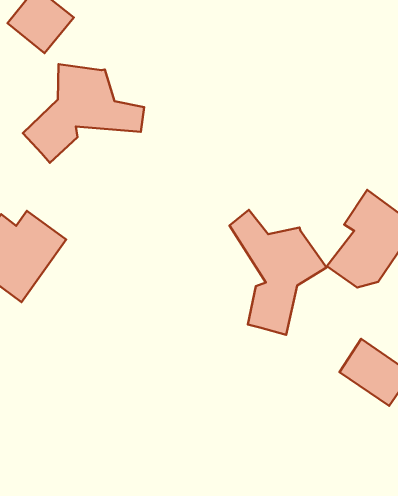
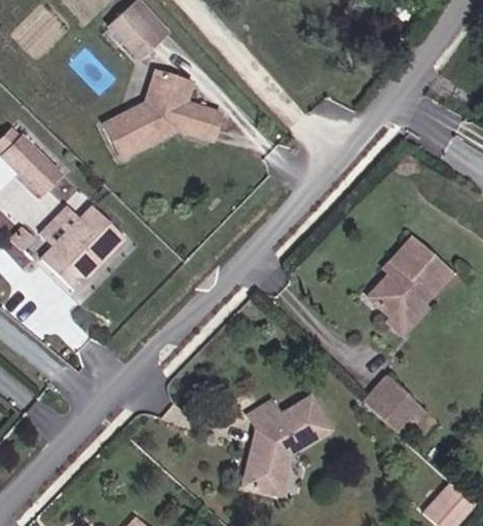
building: [230,210,327,335] -> none
building: none -> [246,402,333,496]

